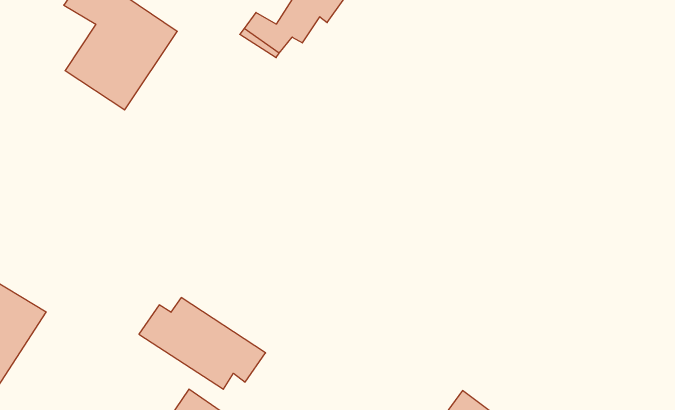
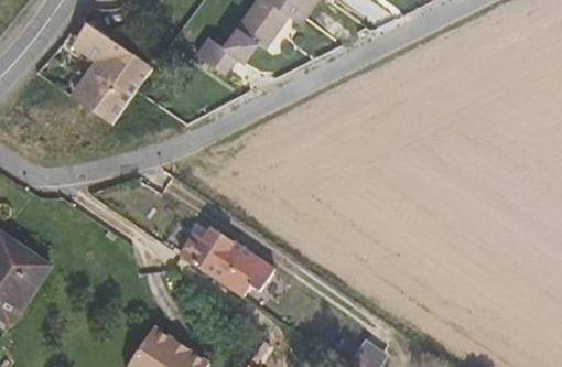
building: [139,298,266,389] -> [162,214,258,283]

